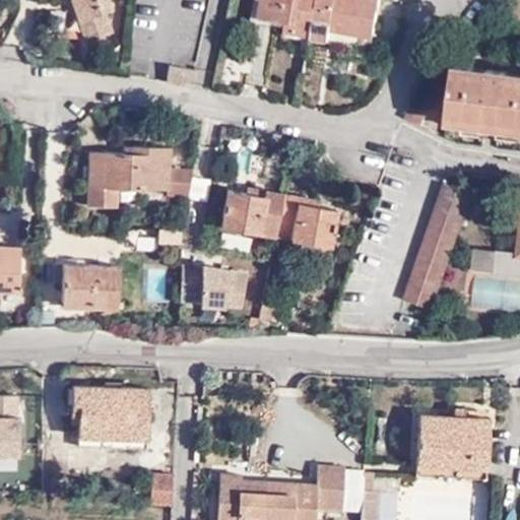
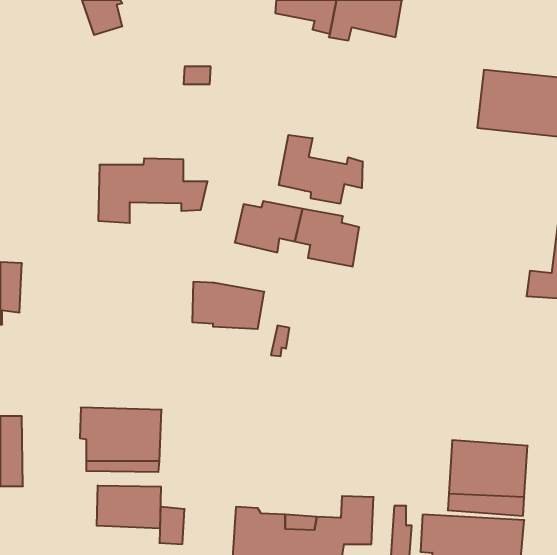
building: none -> [279,135,363,204]
building: [401,186,466,311] -> none
building: [66,265,120,309] -> none
building: none -> [97,485,161,528]

